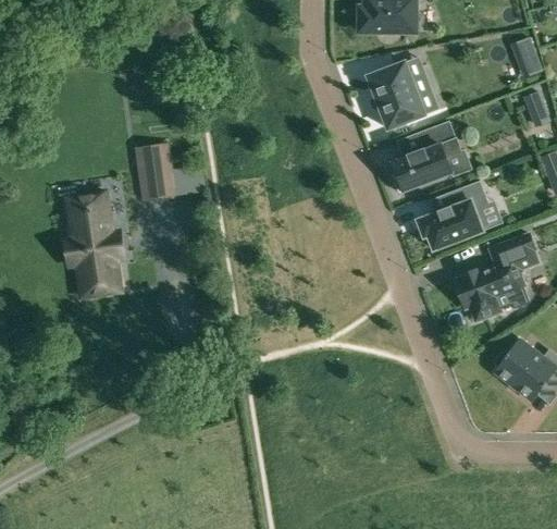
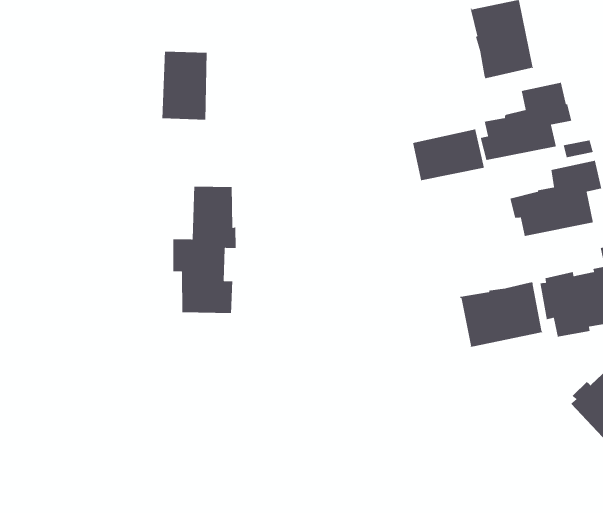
building: none -> [412,128,485,181]
building: [65,193,121,297] -> [172,186,237,314]
building: none -> [459,282,544,348]

